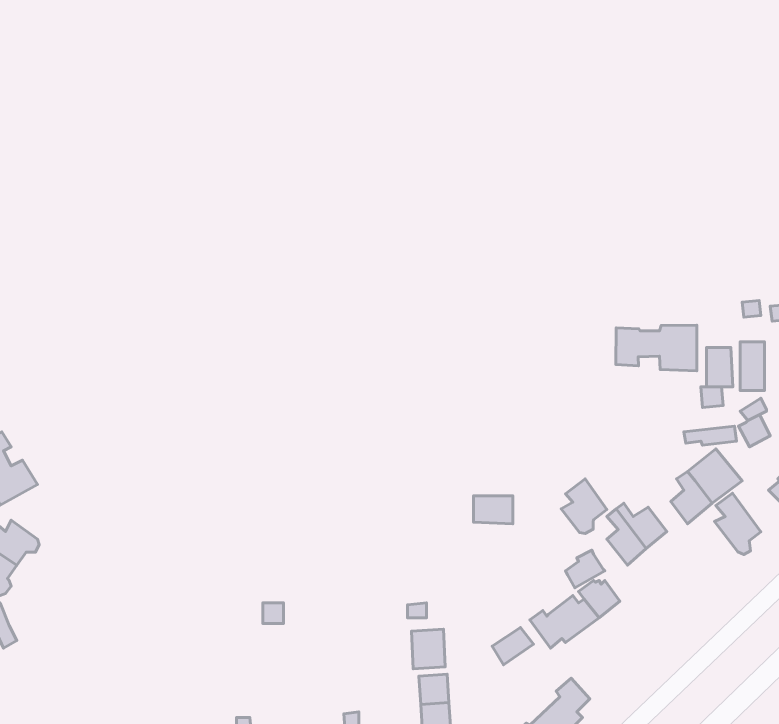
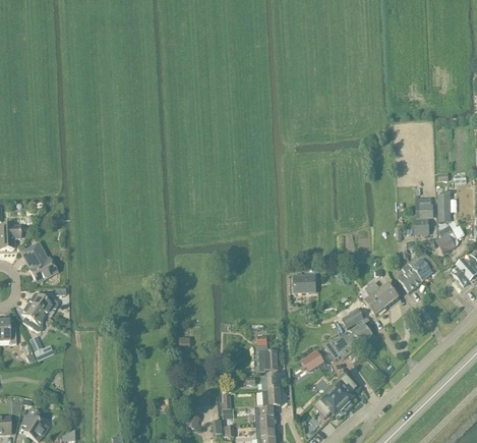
building: [616,325,697,371] -> none
building: [561,479,607,534] -> none
building: [715,493,761,554] -> none

